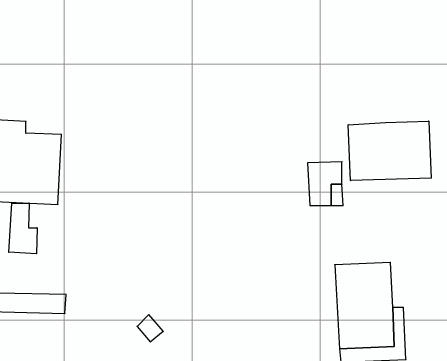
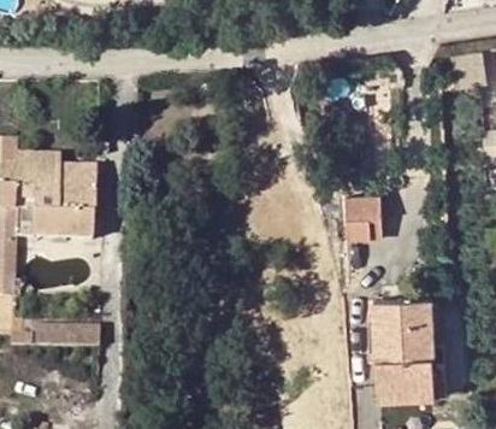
building: [348,121,431,181] -> none
building: [9,203,37,254] -> none

